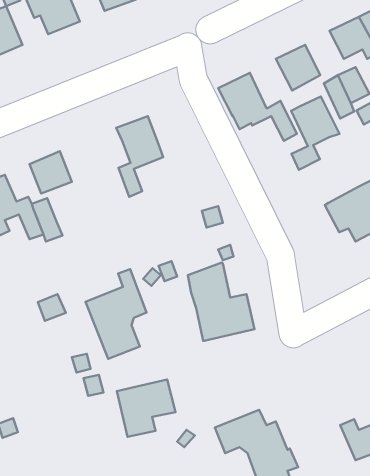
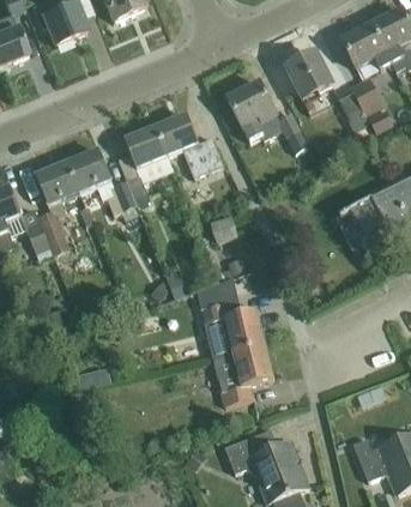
building: [291,96,339,170] -> none
building: none -> [156,113,223,176]
building: none -> [66,150,138,217]
building: [86,269,146,359] -> none
building: [117,379,176,437] -> [213,344,273,403]

